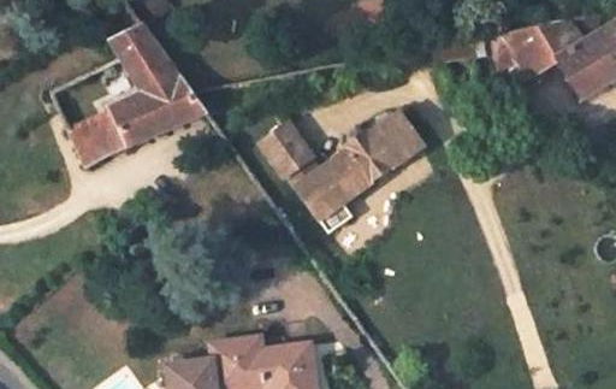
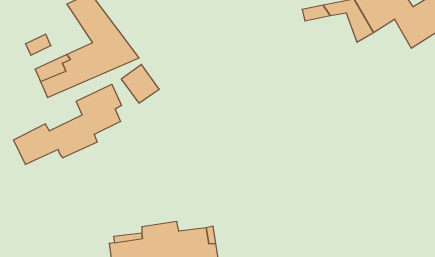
building: [296,112,424,231] -> none
building: [260,123,312,176] -> [121,64,159,103]
building: none -> [13,84,121,165]

